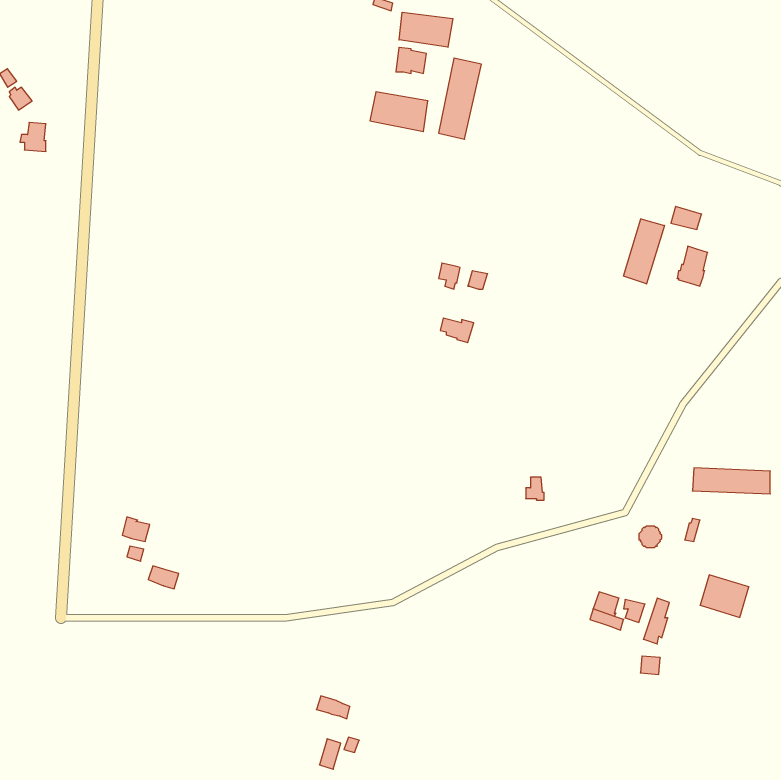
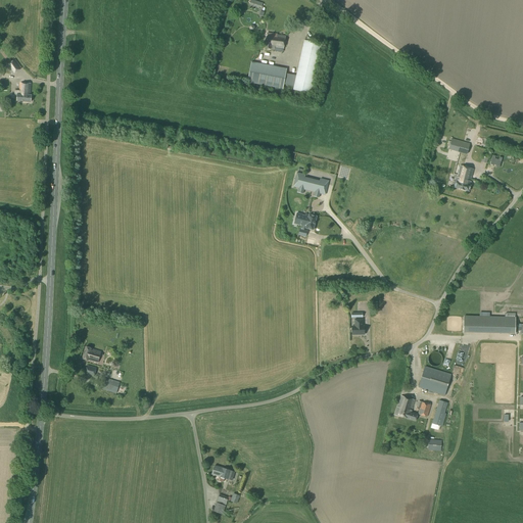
building: [399,12,453,47] -> none
building: [623,219,664,284] -> none
building: [700,575,749,617] -> [418,366,450,394]

